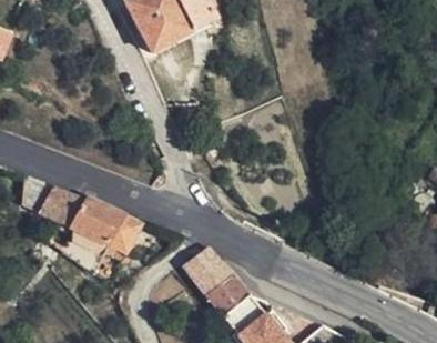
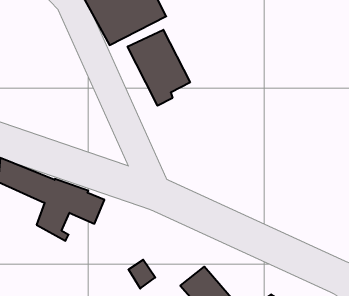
building: none -> [128,30,190,106]
building: [184,248,255,320] -> none

